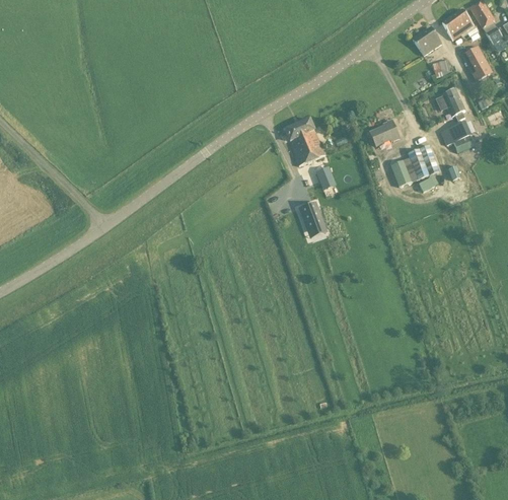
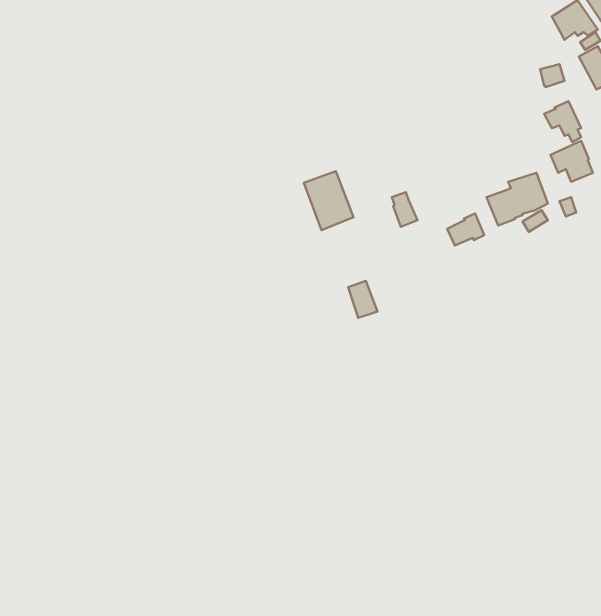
building: [412,26,440,55] -> none
building: [284,119,323,165] -> [304,171,354,230]
building: [369,120,398,145] -> [447,213,484,245]
building: [300,201,323,230] -> [348,281,377,318]

